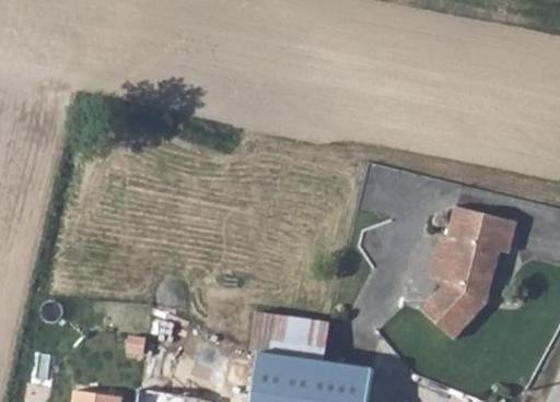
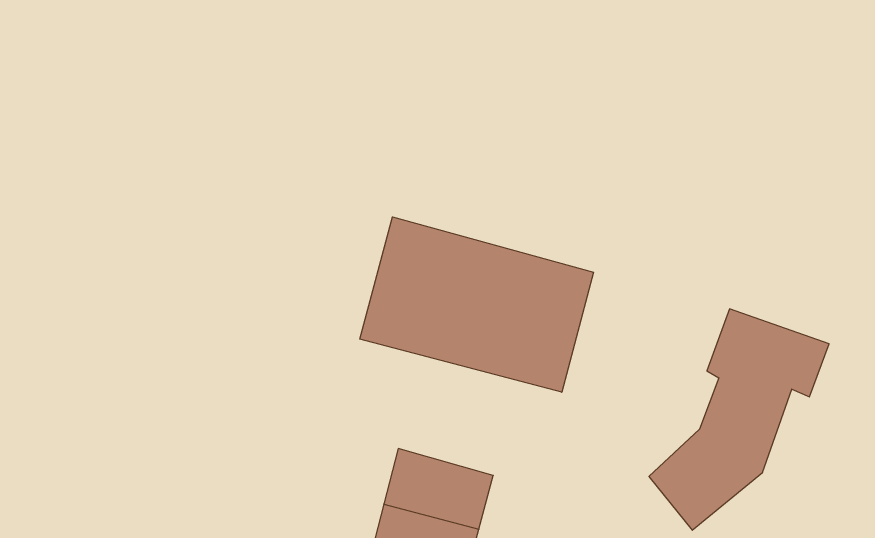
building: none -> [360,217,594,392]

